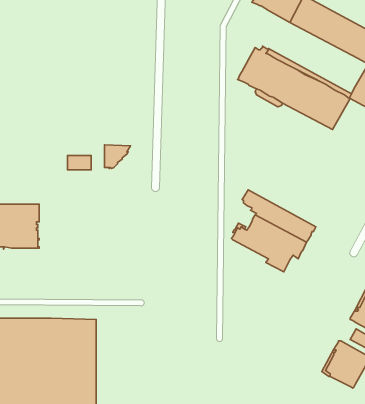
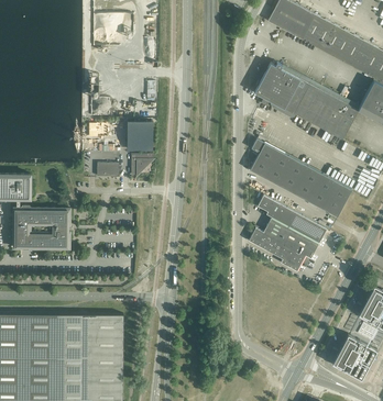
building: none -> [128,122,153,151]
building: none -> [250,140,352,218]

